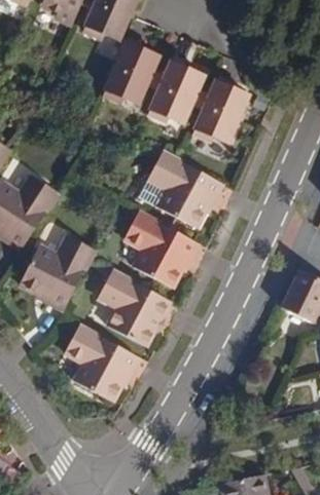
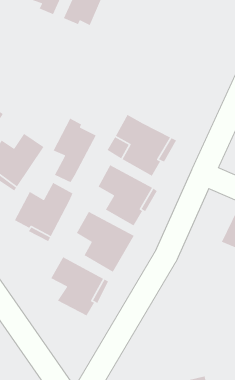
building: [104,37,157,103] -> none
building: [148,58,205,123] -> none
building: [194,81,249,144] -> none
building: none -> [52,118,97,183]

